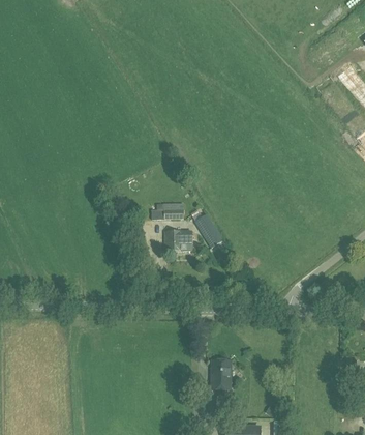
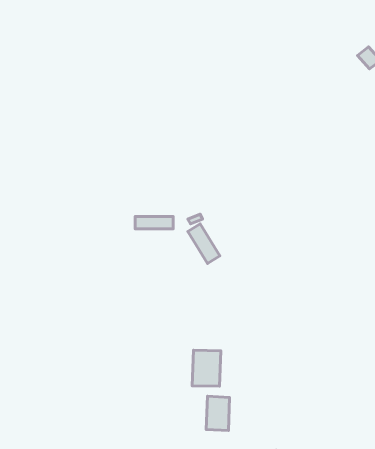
building: [164,230,191,250] -> none
building: none -> [192,350,221,386]

